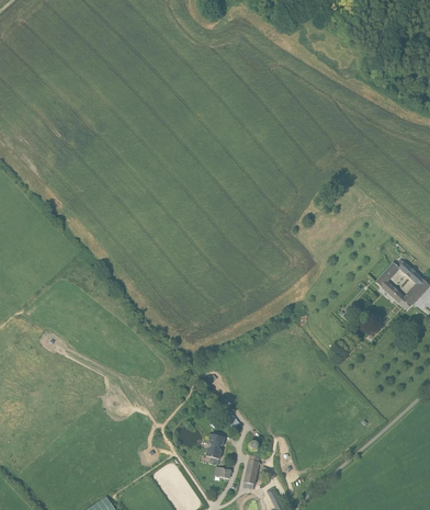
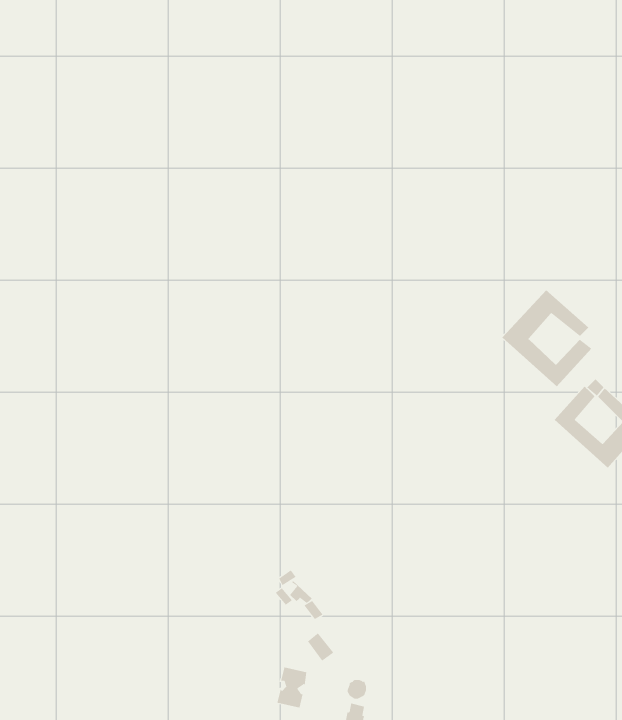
building: none -> [502,289,592,387]

